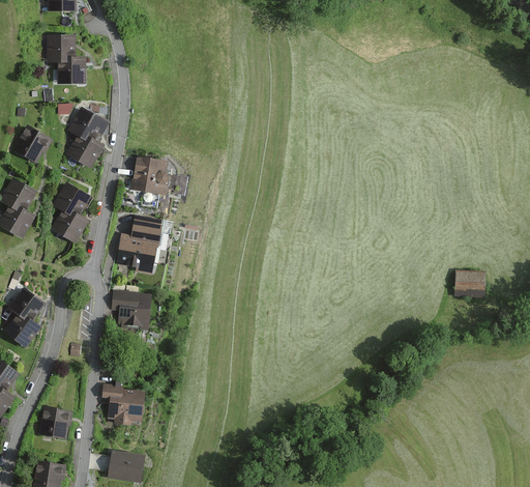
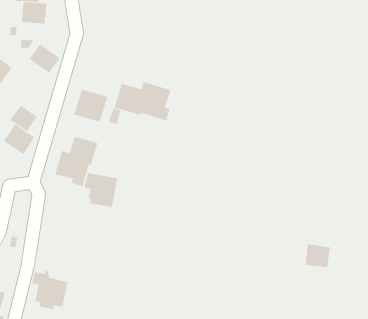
building: [66,131,105,168] -> none
building: none -> [114,81,171,122]
building: [455,271,484,297] -> [305,244,331,267]
building: [112,290,152,330] -> [84,172,118,208]

